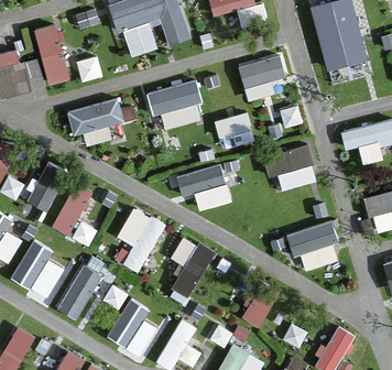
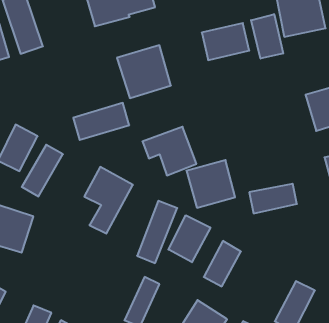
building: none -> [251,14,283,59]
building: [66,98,124,137] -> [73,103,129,140]
building: [216,116,252,152] -> none
building: [268,144,318,194] -> [186,160,235,208]
building: none -> [168,215,210,262]
building: [56,264,102,322] -> none
building: [108,297,154,355] -> none

